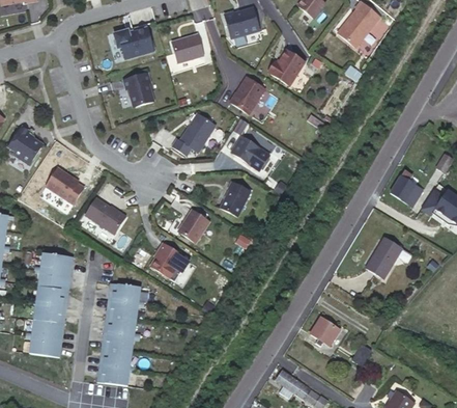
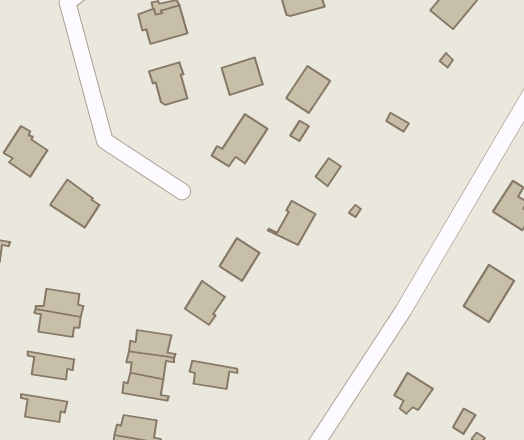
building: [170,35,202,64] -> [222,58,263,95]
building: [270,51,308,87] -> none
building: [234,137,262,164] -> none
building: [85,198,126,235] -> none
building: [28,284,65,306] -> none
building: [23,318,60,339] -> none
building: [99,332,137,354] -> [189,361,237,389]

